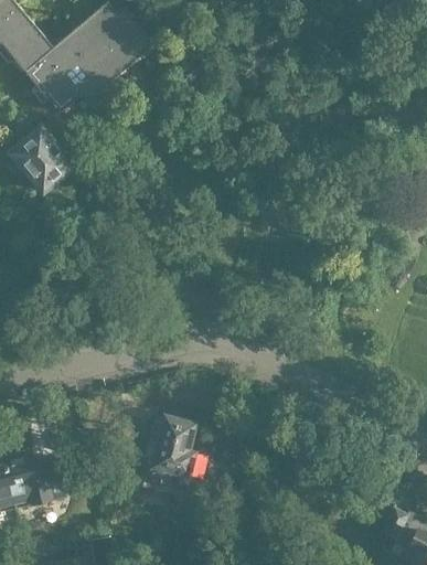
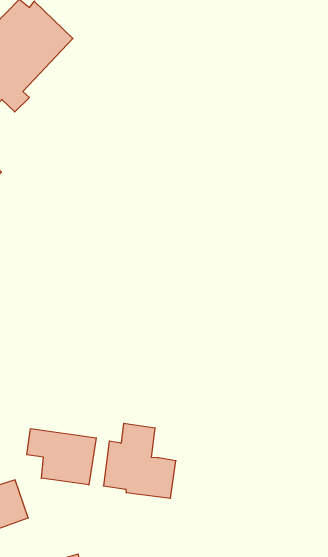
building: none -> [27,429,96,485]

